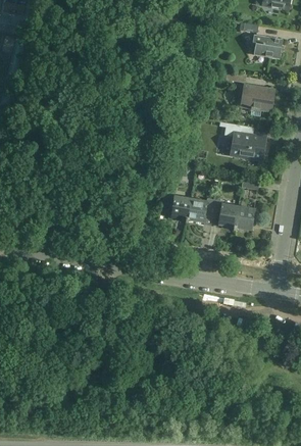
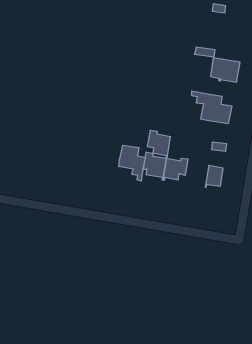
building: [251,34,282,58] -> none
building: none -> [119,145,145,181]
building: [211,198,238,230] -> [147,130,171,158]

